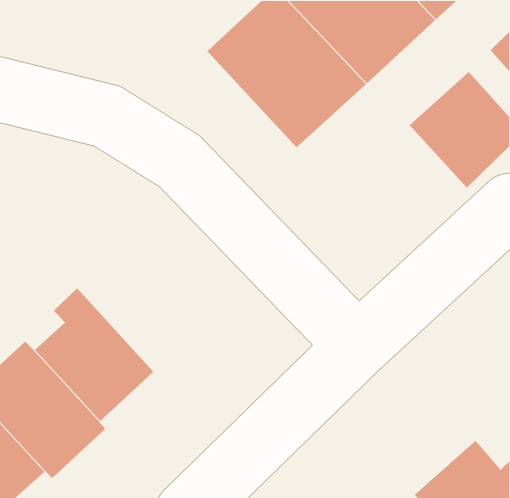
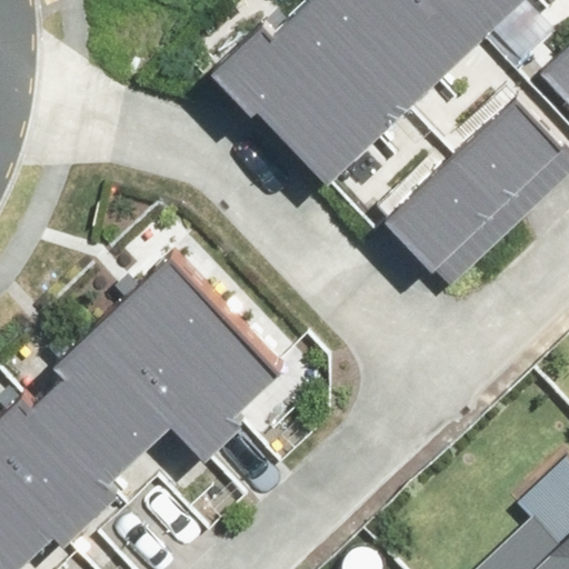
building: none -> [388,154,518,284]
building: none -> [86,256,279,460]

